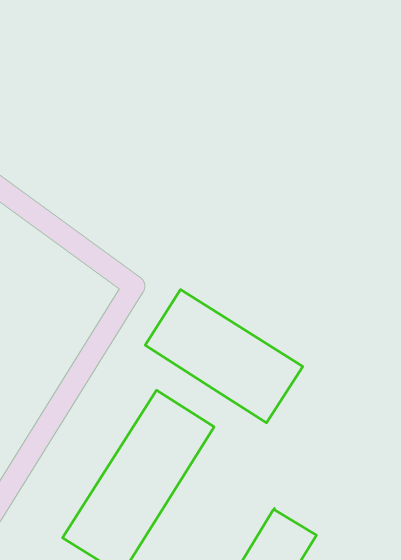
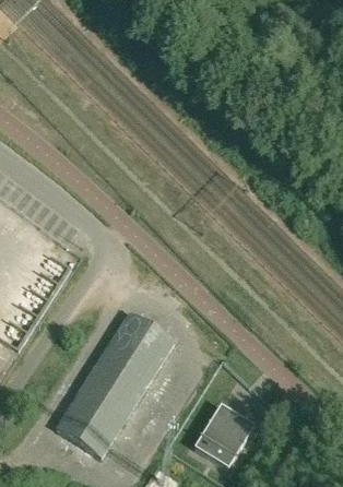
building: [145,289,303,423] -> none

